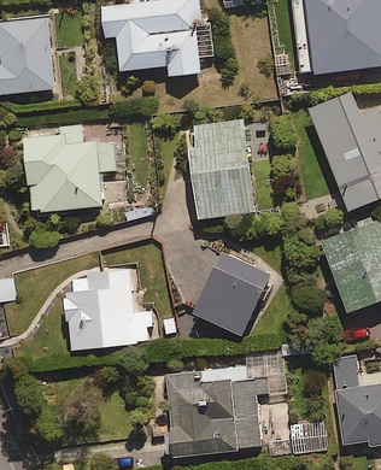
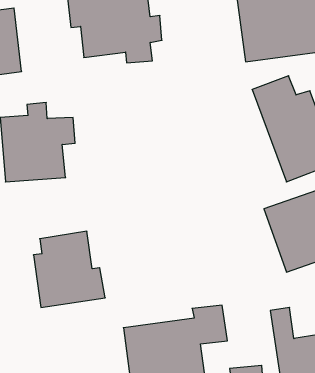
building: [189,118,263,219] -> none
building: [193,253,271,337] -> none

